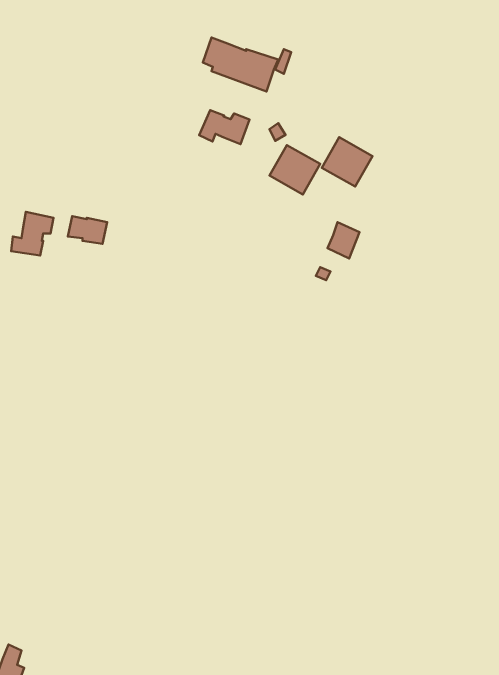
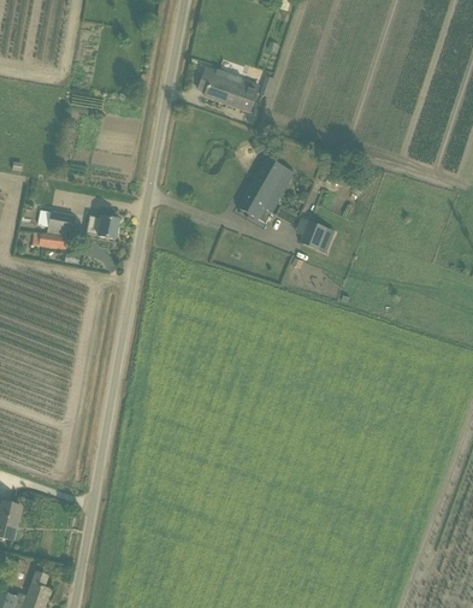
building: [199,110,250,144] -> none
building: [322,137,372,187] -> [237,181,279,222]

